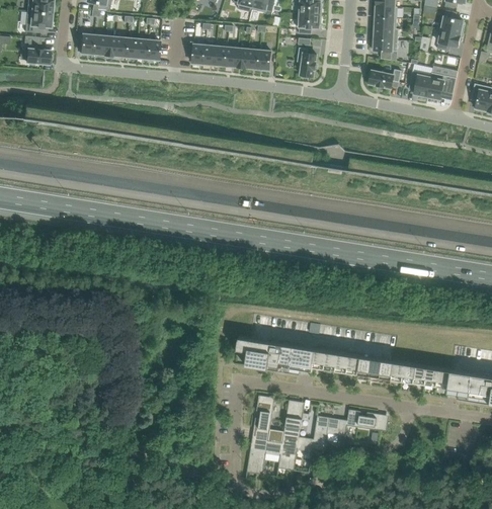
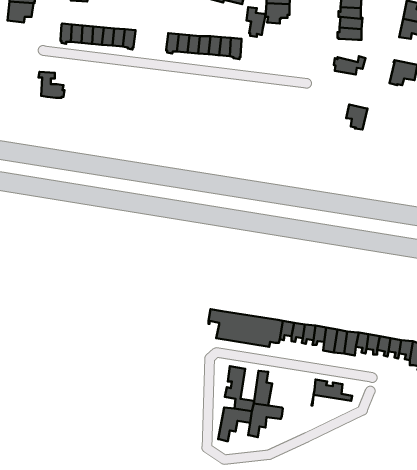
building: [23,36,51,64] -> [38,72,64,98]
building: [297,48,317,79] -> [246,7,266,37]
building: [409,71,431,97] -> [346,105,367,130]
building: [313,415,347,449] -> none

